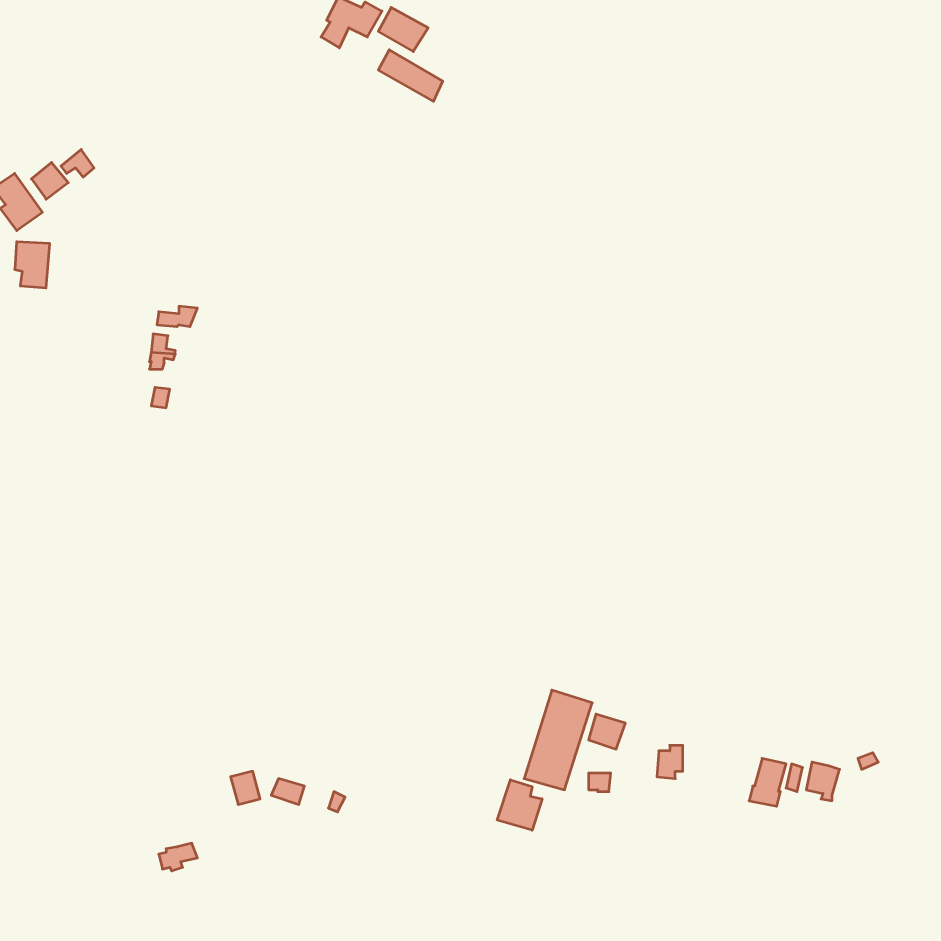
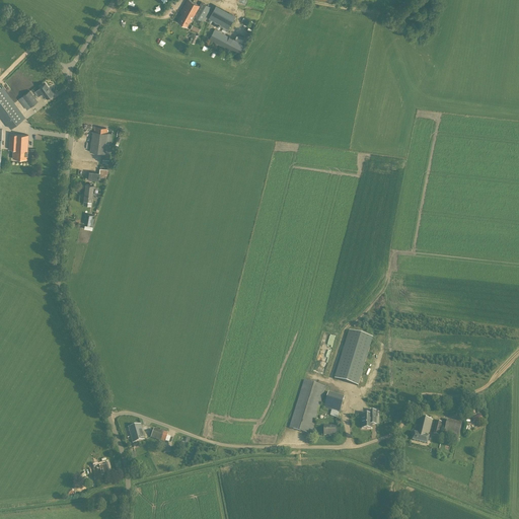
building: none -> [88,126,112,153]
building: none -> [333,329,372,385]
building: [497,780,542,830] -> none

